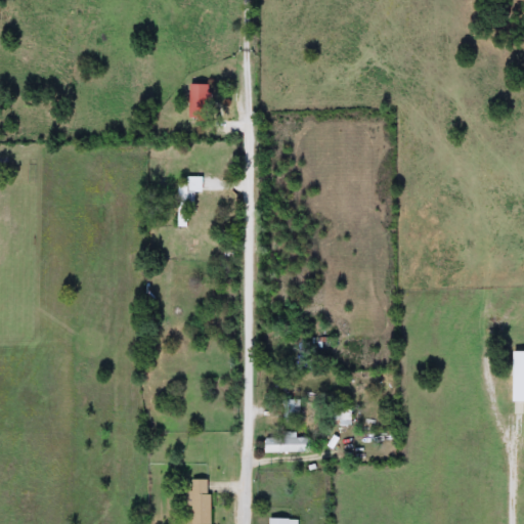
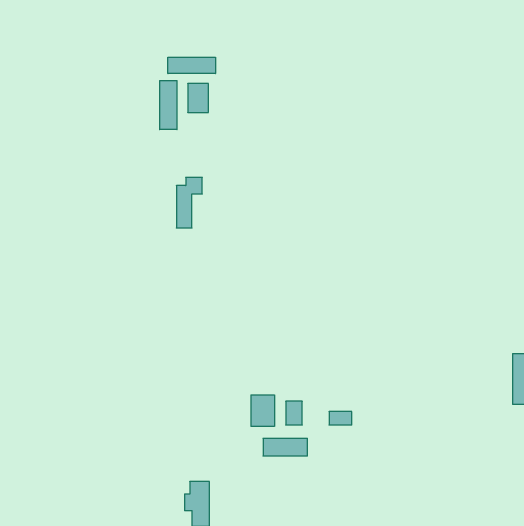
building: none -> [168,57,215,74]
building: none -> [160,81,177,130]
building: none -> [251,395,274,426]

